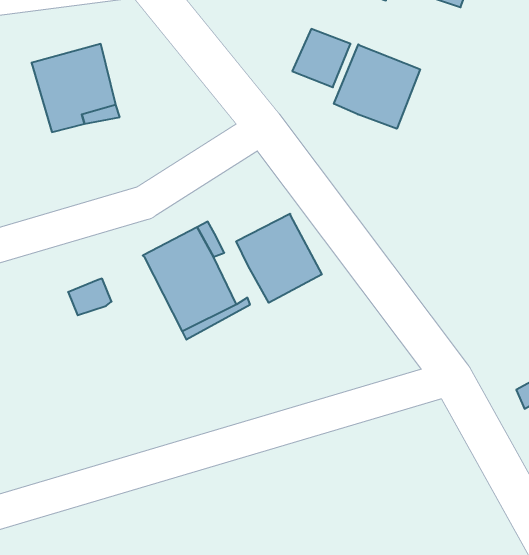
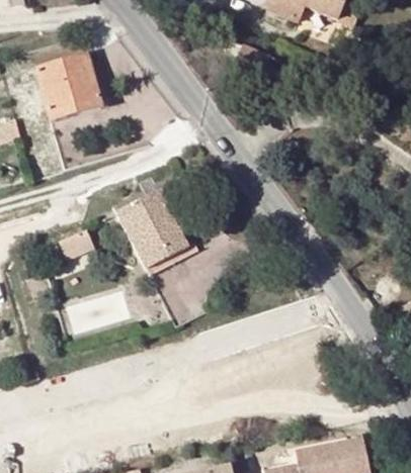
building: [334,44,420,129] -> none
building: [236,214,322,303] -> none

